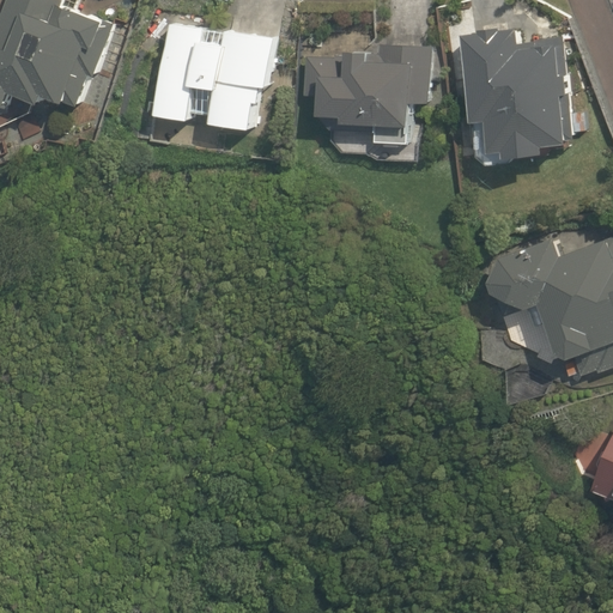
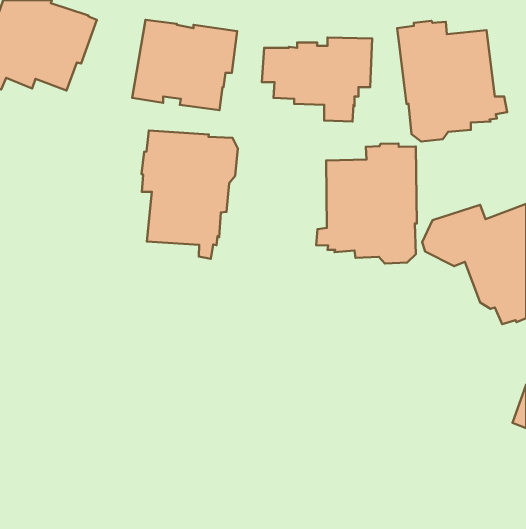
building: none -> [142,130,238,259]
building: none -> [316,144,417,263]

